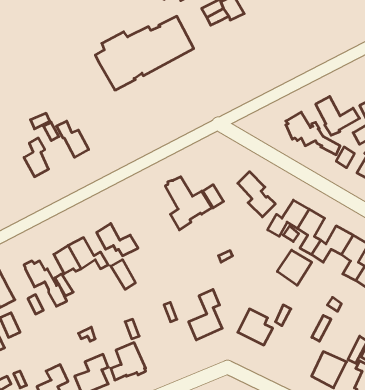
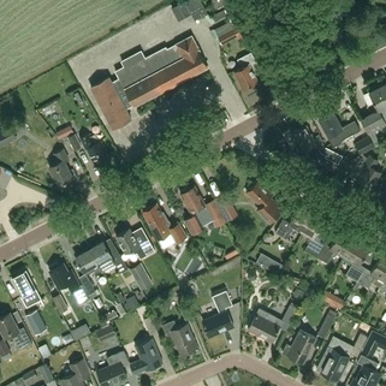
building: none -> [233,53,259,89]
building: none -> [90,78,133,129]
building: none -> [142,203,188,244]
building: [277,250,312,285] -> none
building: none -> [162,320,197,355]
building: none -> [283,329,316,363]

